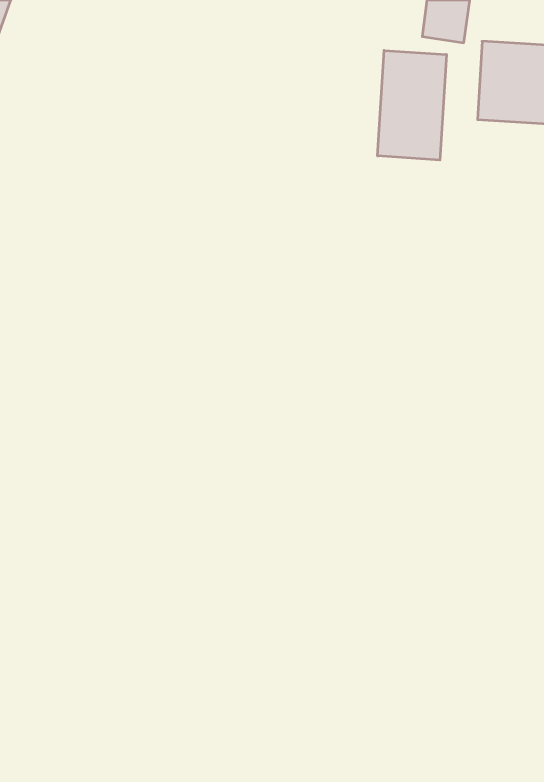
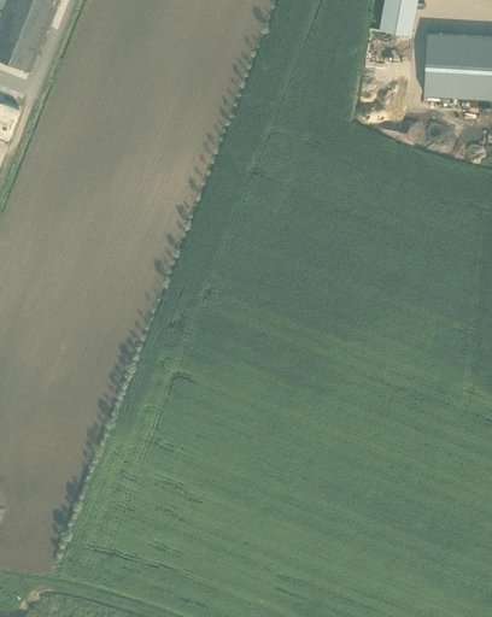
building: [378,50,446,160] -> none

